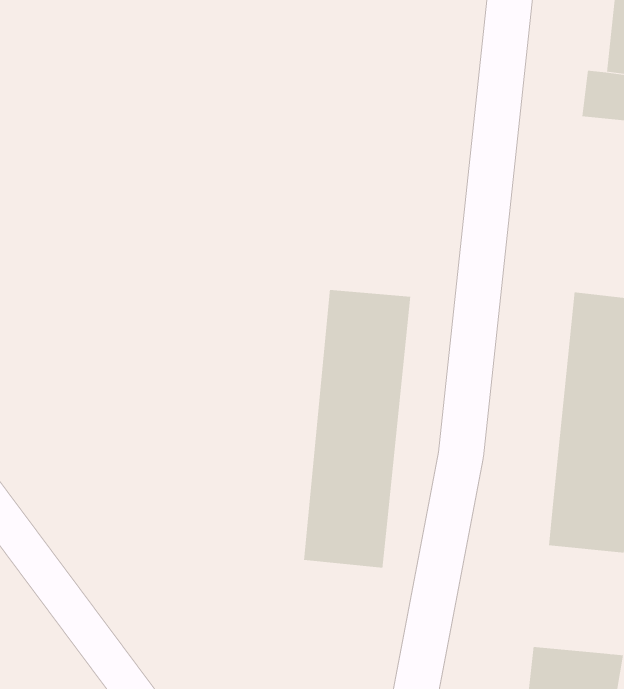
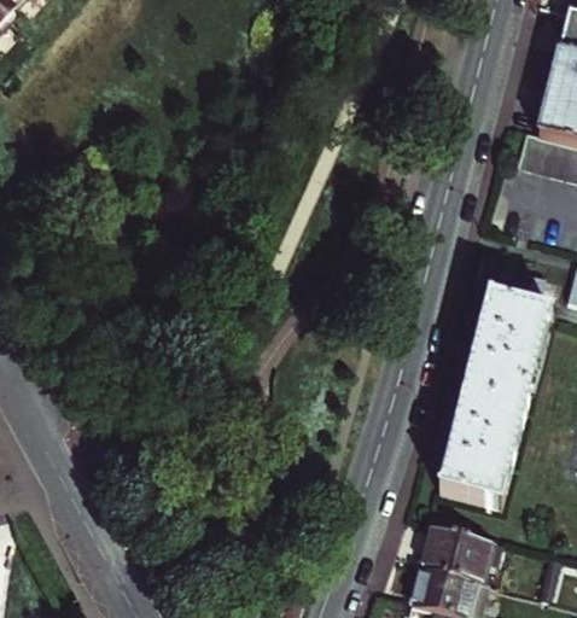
building: [304,289,411,569] -> none
building: none -> [420,526,489,581]

